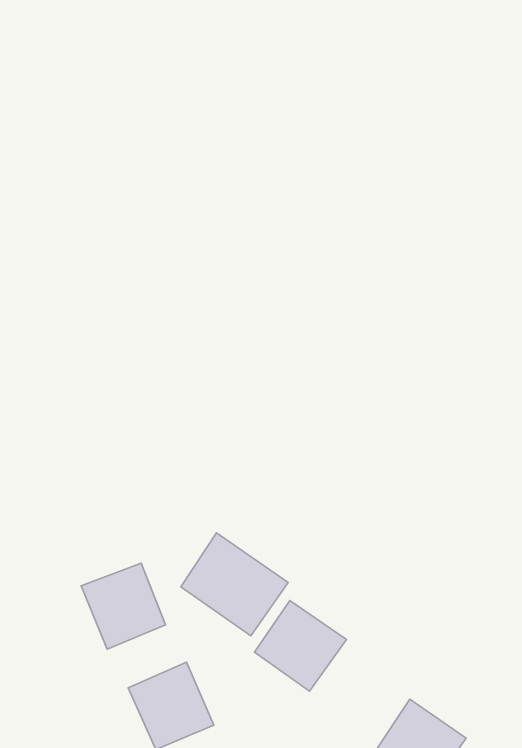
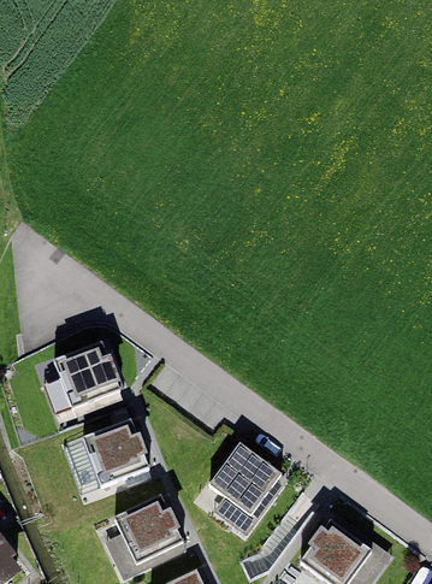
building: none -> [55,341,119,405]
building: [181,533,288,636] -> none

